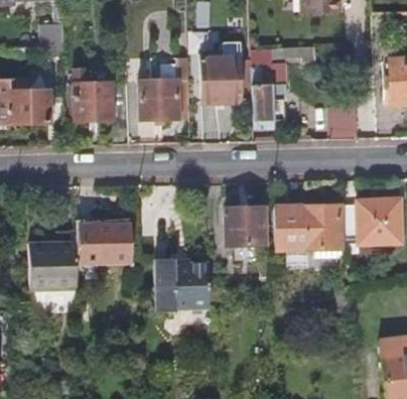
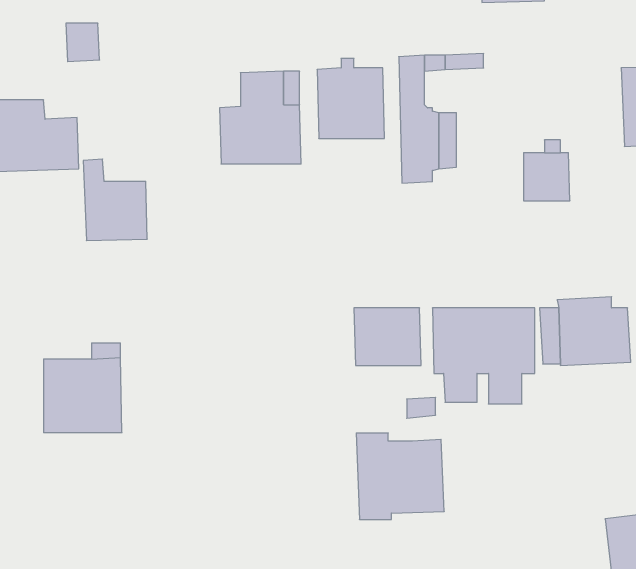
building: [73,69,113,120] -> [83,159,147,241]
building: [81,227,129,259] -> none
building: [155,256,211,310] -> [356,433,444,519]

